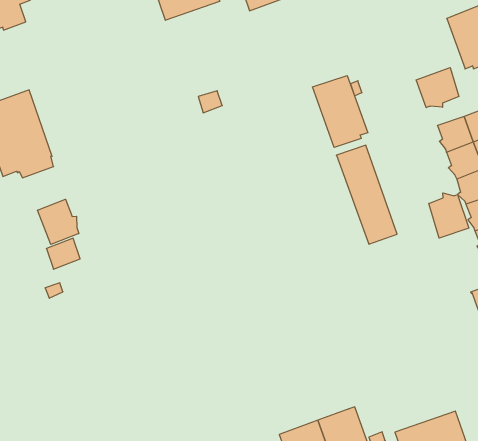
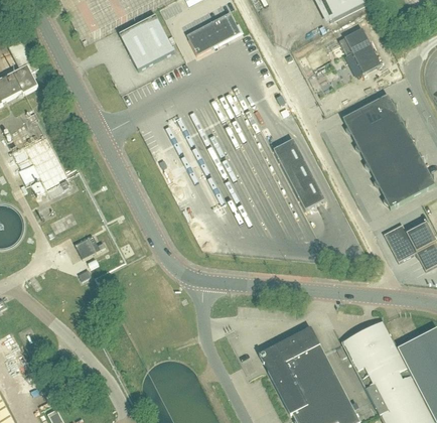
building: [416,68,459,108] -> none
building: [312,76,368,147] -> none
building: [429,193,469,238] -> none
building: [38,199,79,244] -> none

